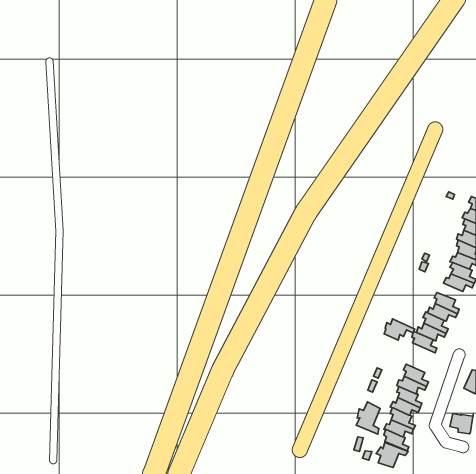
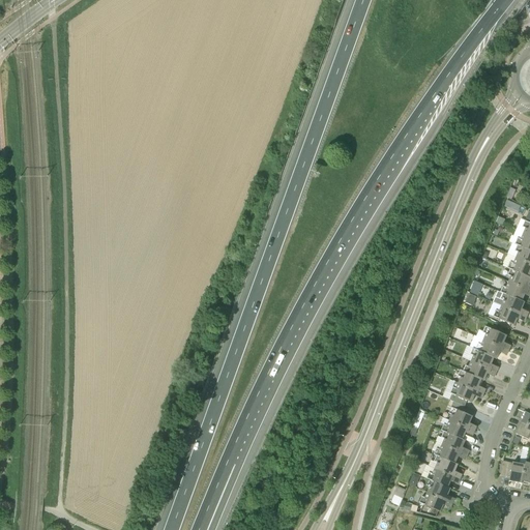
building: [384,319,415,340] -> [449,381,483,405]
building: [356,402,380,434] -> none

